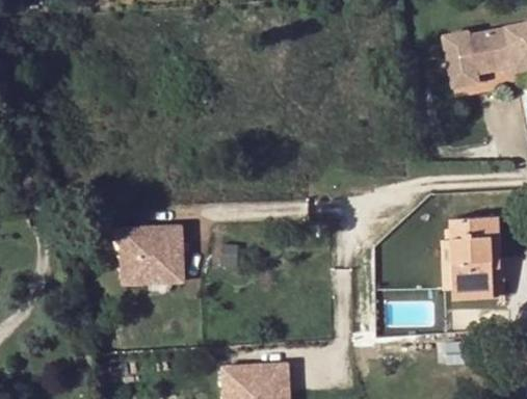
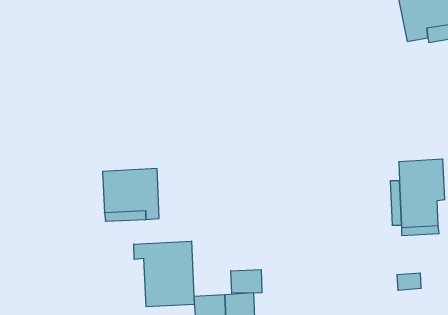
building: none -> [134,241,194,307]
building: none -> [231,270,262,293]

